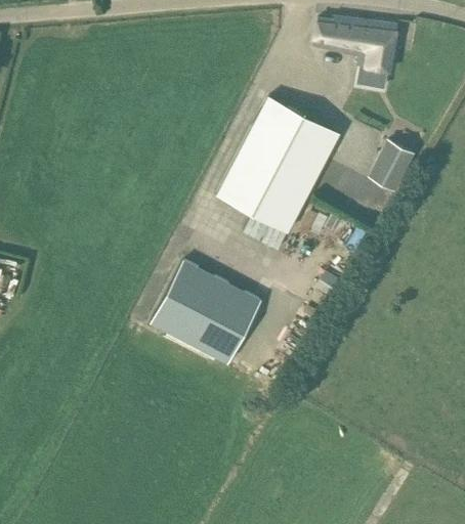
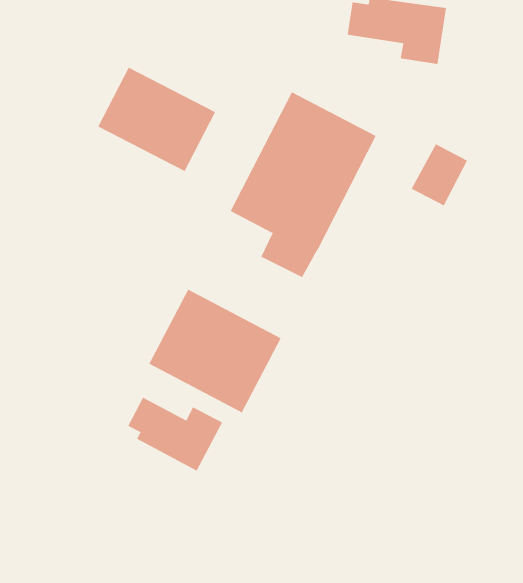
building: none -> [97,67,216,172]
building: none -> [127,397,223,472]

